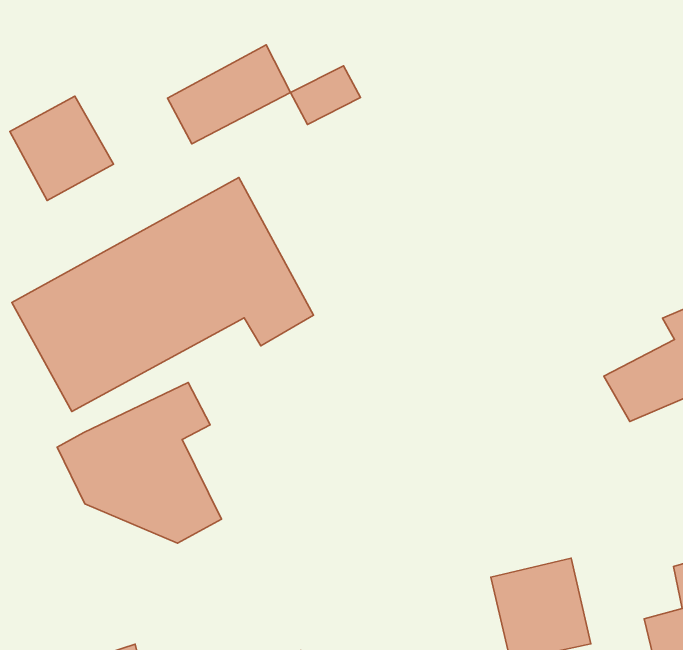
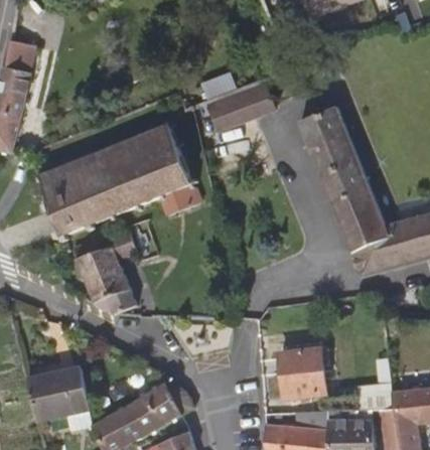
building: [167,45,291,144] -> [207,84,274,132]
building: [10,96,113,201] -> none
building: none -> [298,106,391,252]

